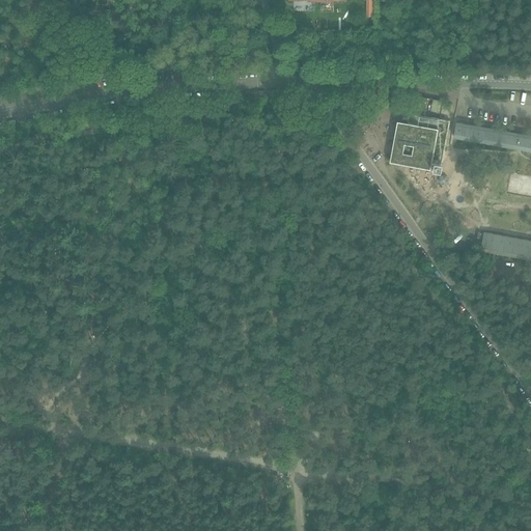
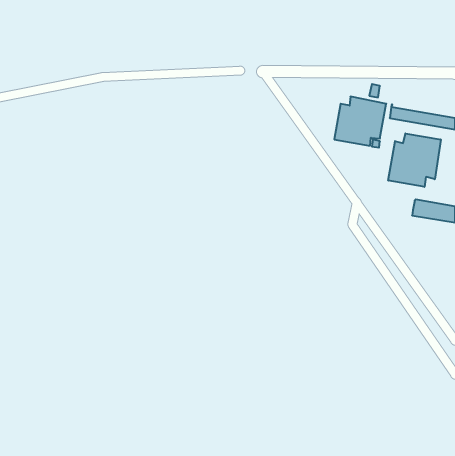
building: none -> [388,133,441,187]

